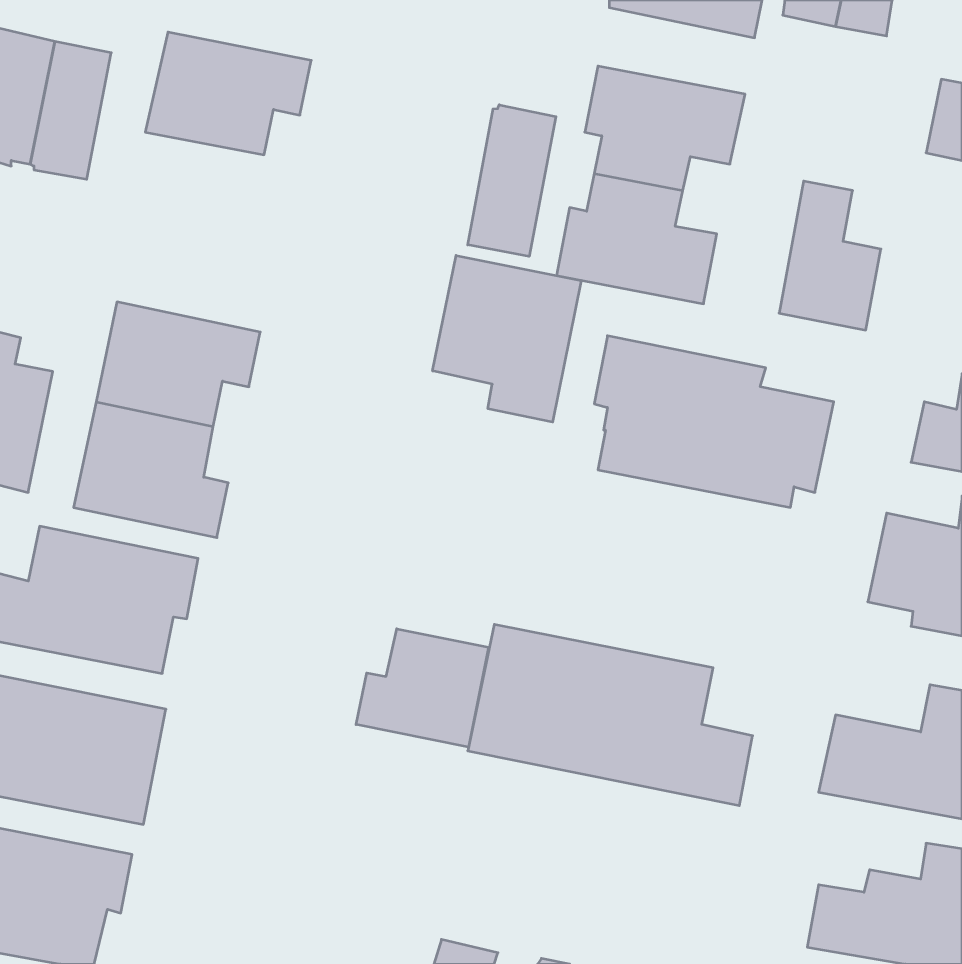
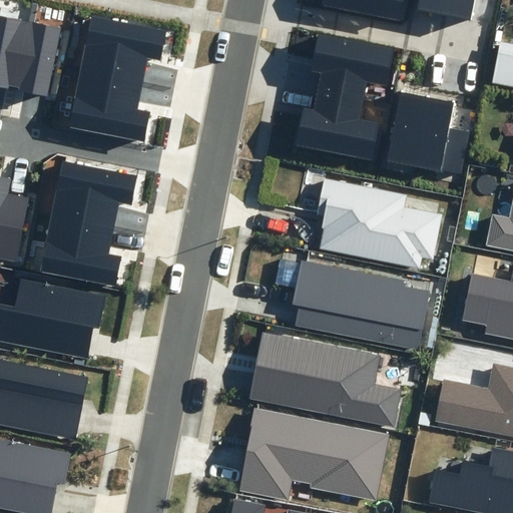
building: [468,105,556,256] -> none
building: none -> [66,70,148,141]
building: none -> [386,91,427,166]
building: [433,255,581,422] -> none
building: none -> [292,260,429,349]
building: [356,629,488,747] -> none
building: none -> [238,408,389,501]

